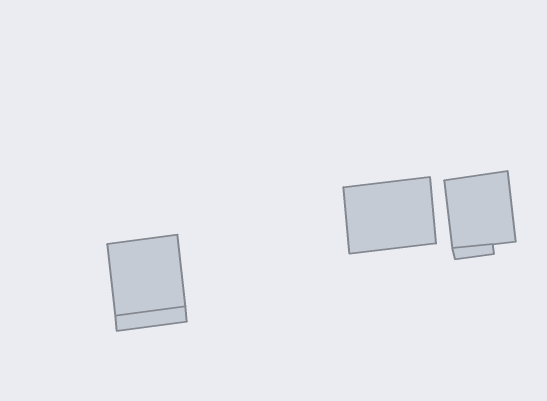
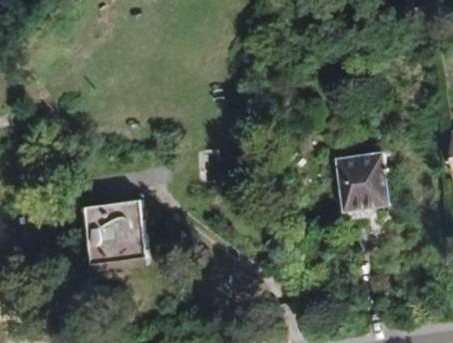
building: [344,177,436,254] -> none

